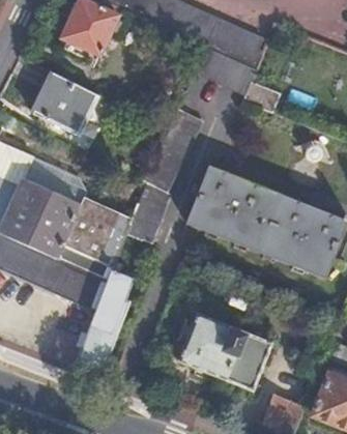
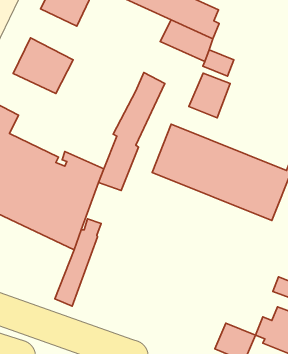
building: none -> [189,73,230,118]
building: [23,156,88,214] -> none
building: [178,316,268,389] -> none

